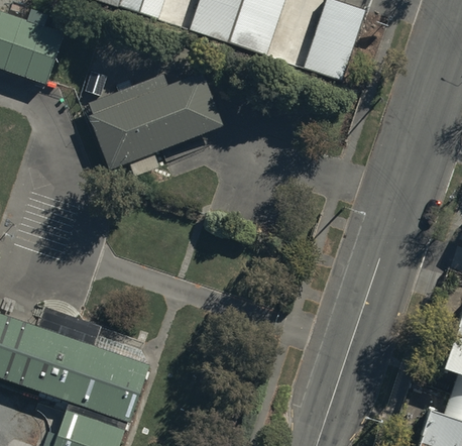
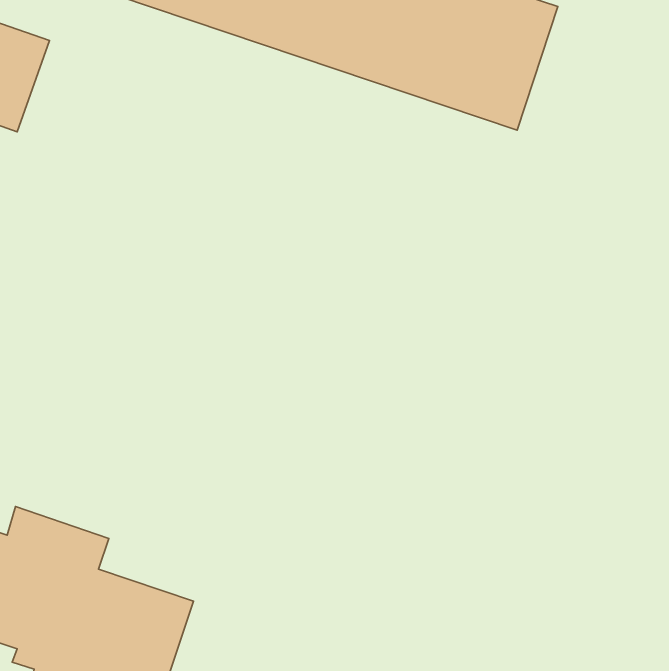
building: [89,72,224,177] -> none

